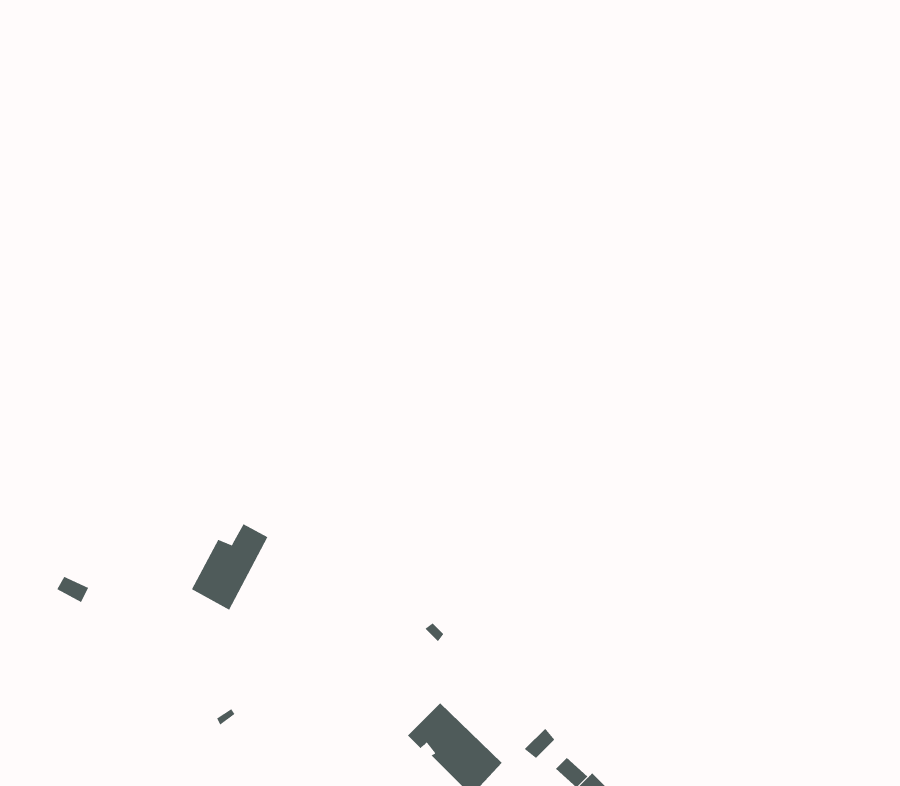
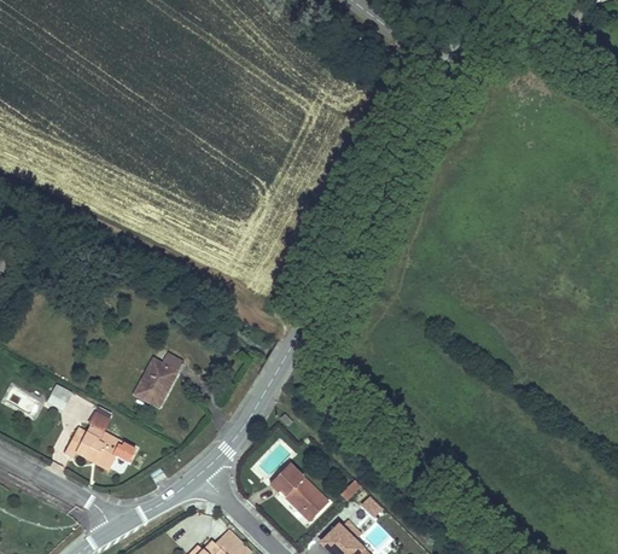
building: none -> [65,413,135,470]

